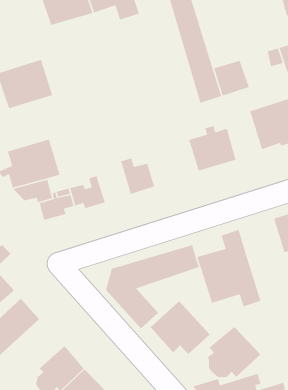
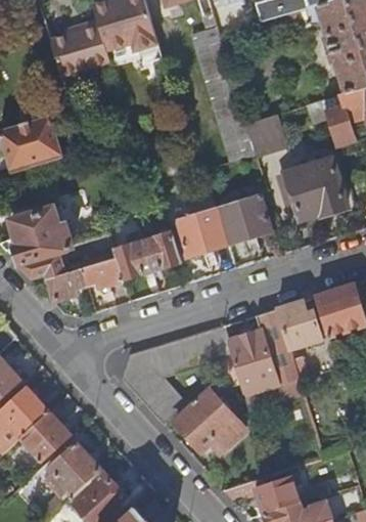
building: none -> [174,206,229,257]
building: none -> [115,230,151,278]
building: none -> [276,300,321,349]
building: none -> [20,411,70,460]
building: [207,326,261,378] -> none

